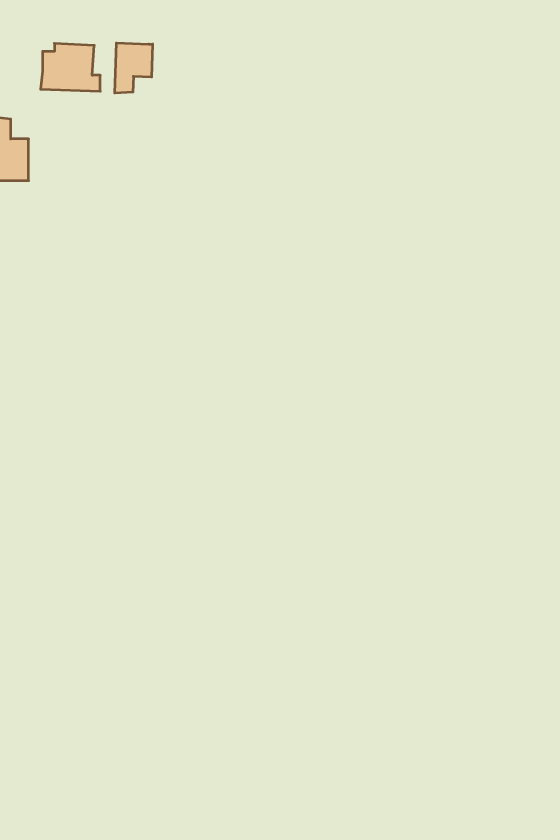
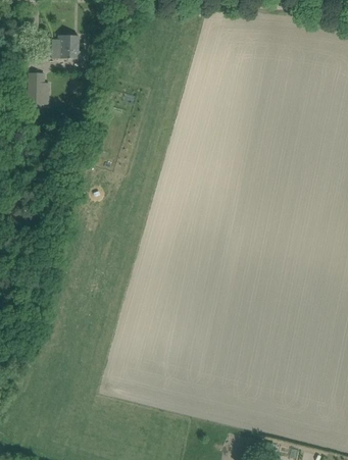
building: [115,43,153,93] -> none

